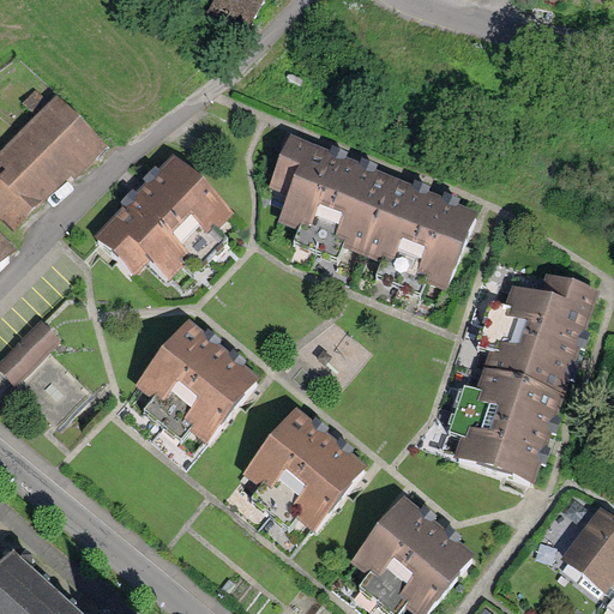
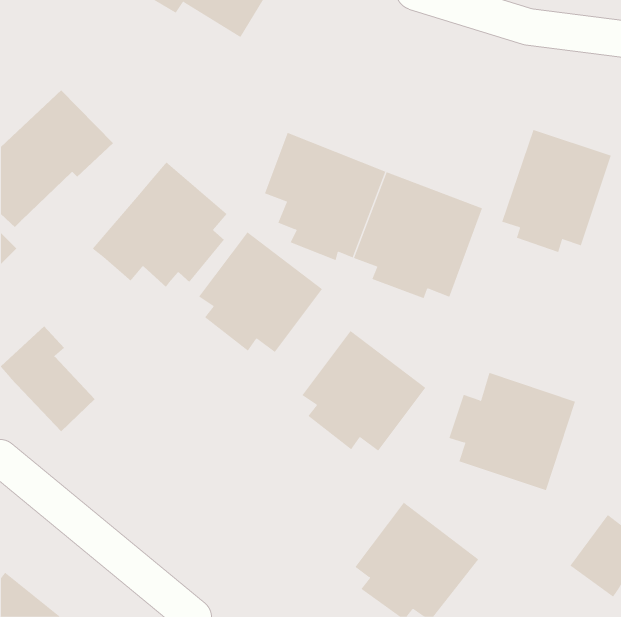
building: none -> [501,129,611,253]
building: [478,273,602,393] -> none
building: [131,323,253,441] -> [198,232,323,353]
building: [241,411,363,530] -> [301,330,426,451]

